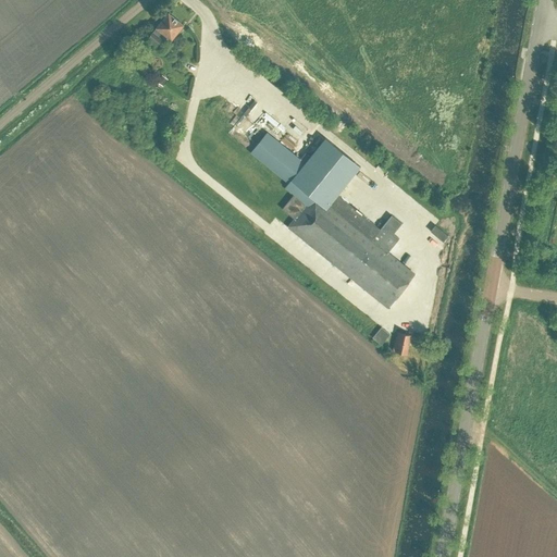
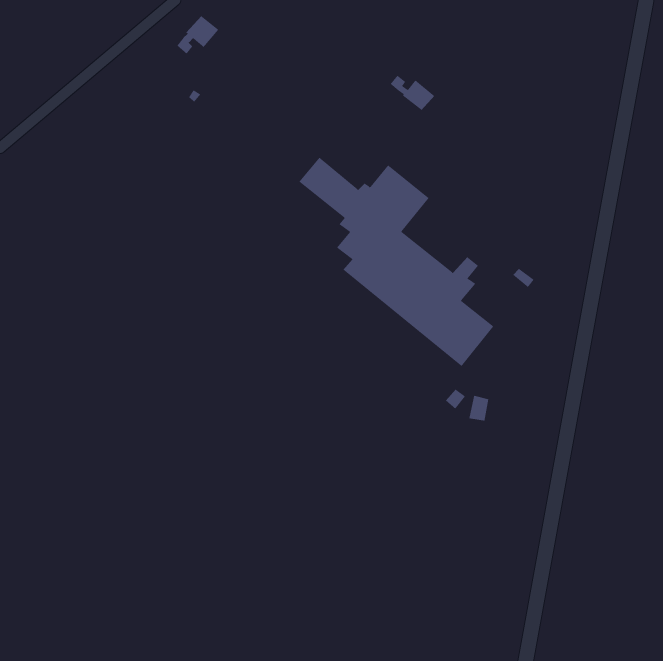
building: none -> [390,75,435,111]

